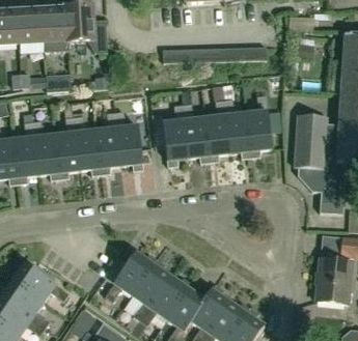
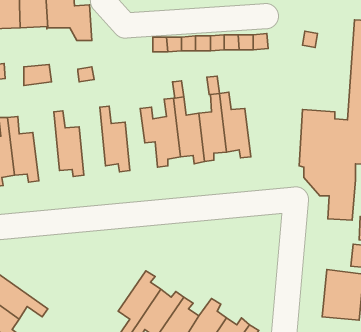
building: [246,94,282,157] -> none
building: [97,112,120,173] -> none
building: [55,116,79,178] -> none
building: [105,252,157,302] -> none

